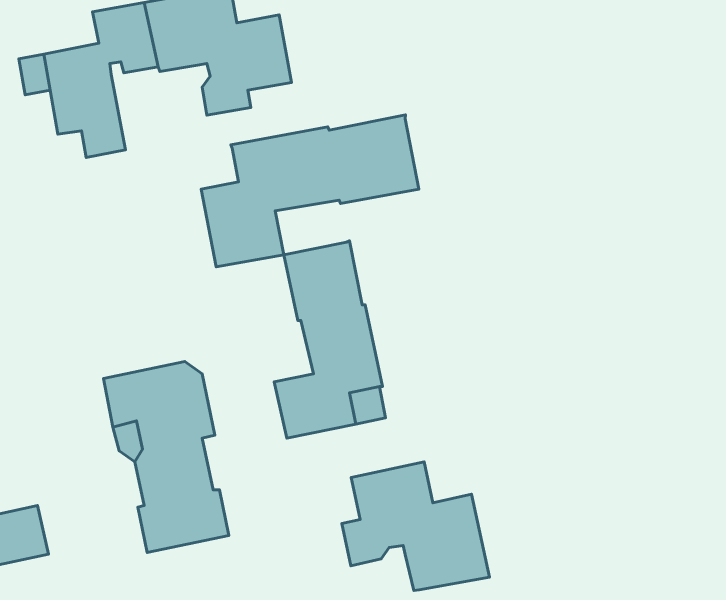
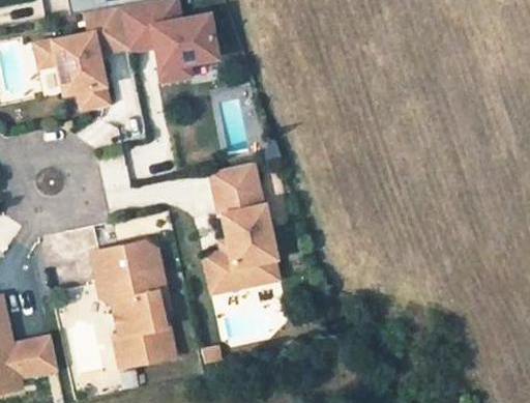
building: [201,115,419,267] -> none
building: [342,462,490,590] -> none

